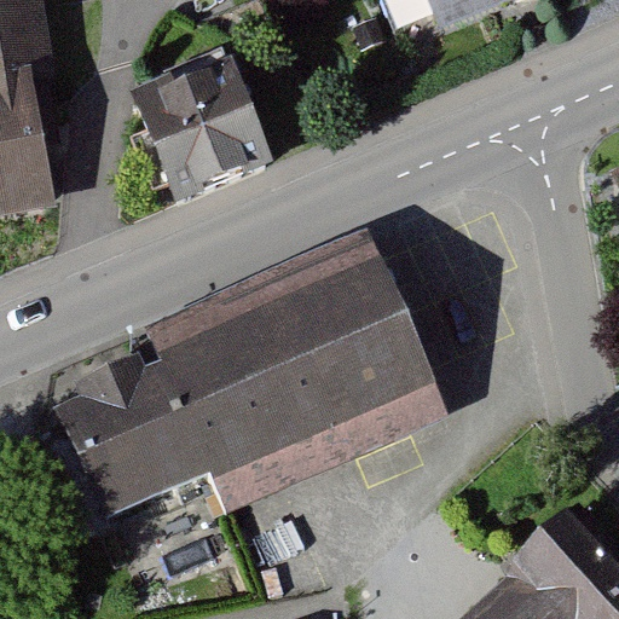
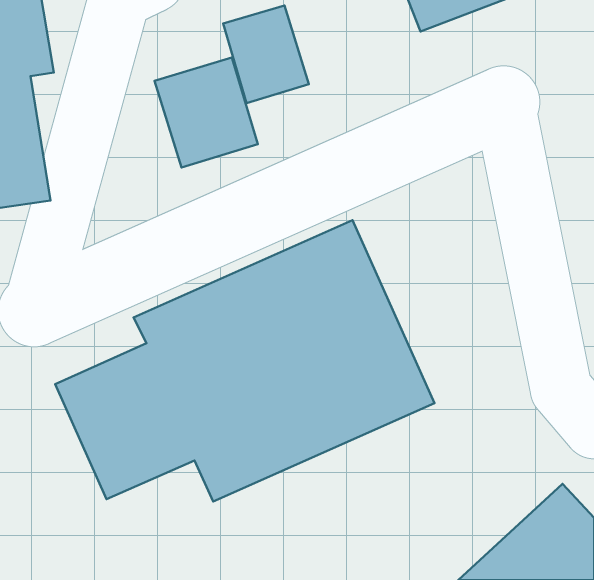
building: none -> [223,5,309,103]

